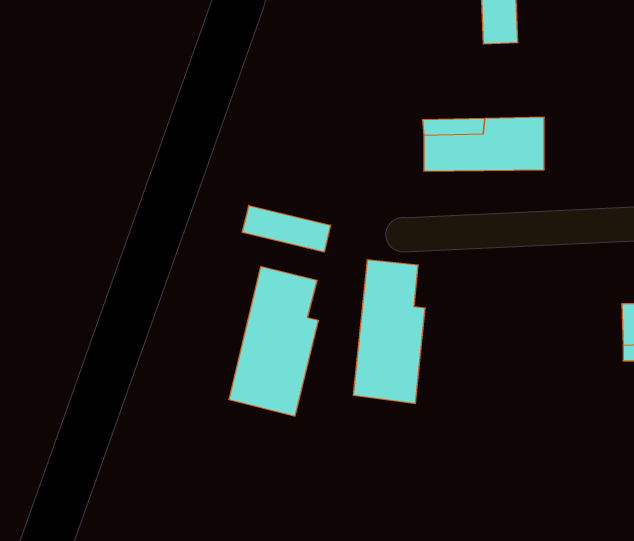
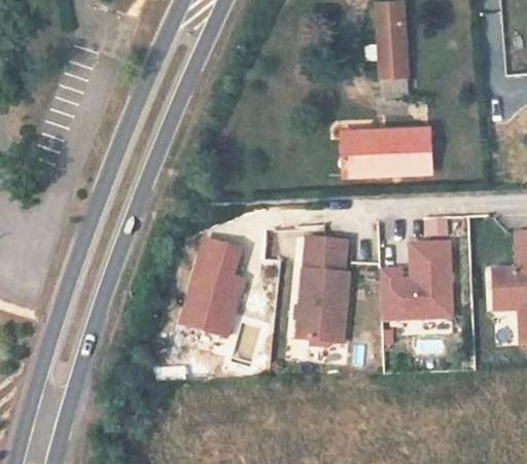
building: [242,205,331,252] -> none
building: none -> [394,243,469,325]

